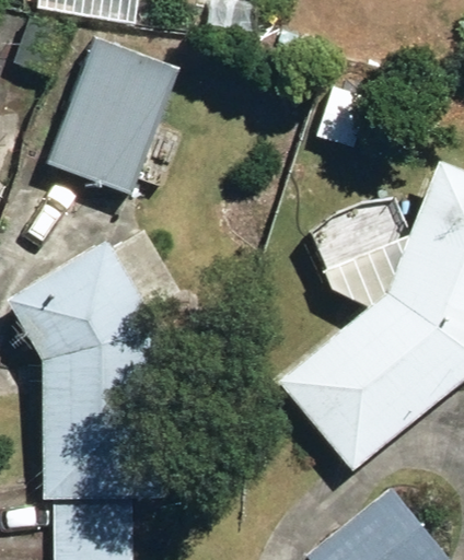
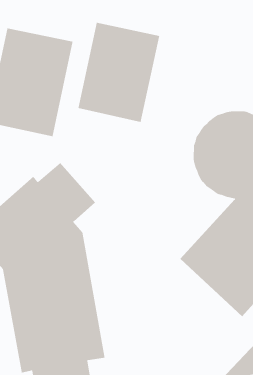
building: none -> [78,22,160,123]

